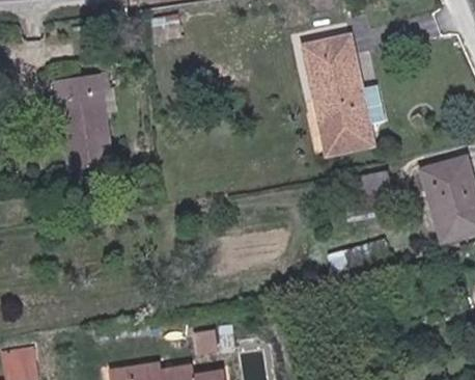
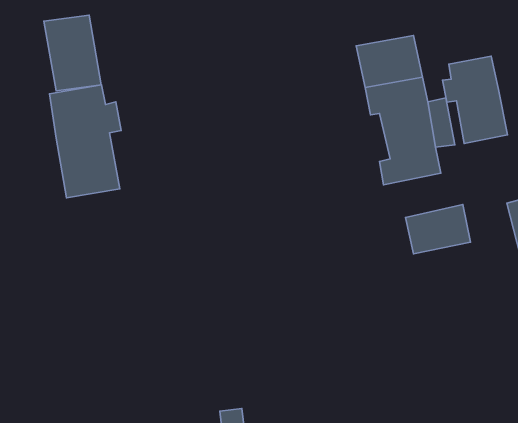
building: none -> [44,15,101,91]
building: none -> [443,56,507,143]

